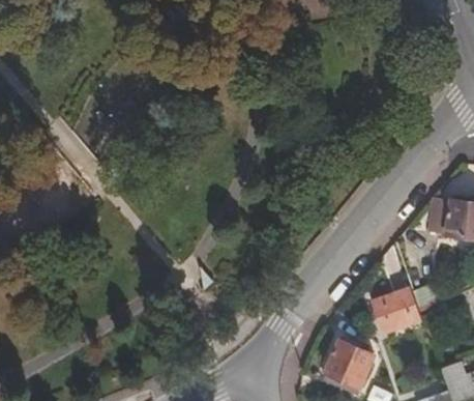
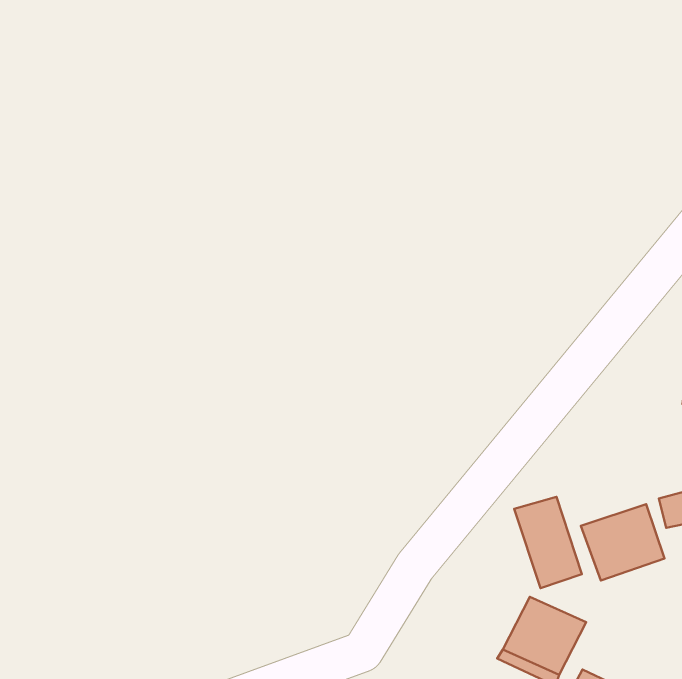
building: none -> [514,497,582,588]

